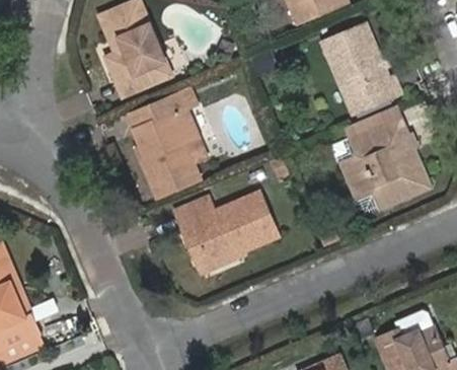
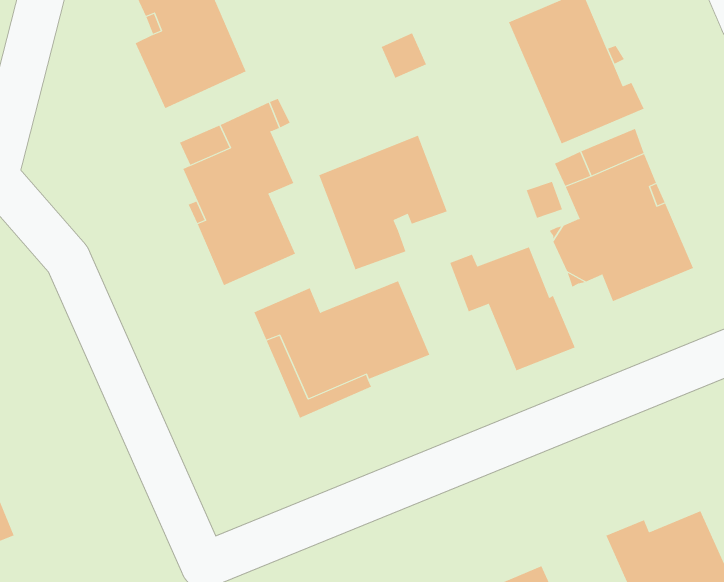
building: none -> [319,135,447,270]
building: none -> [449,246,576,371]

